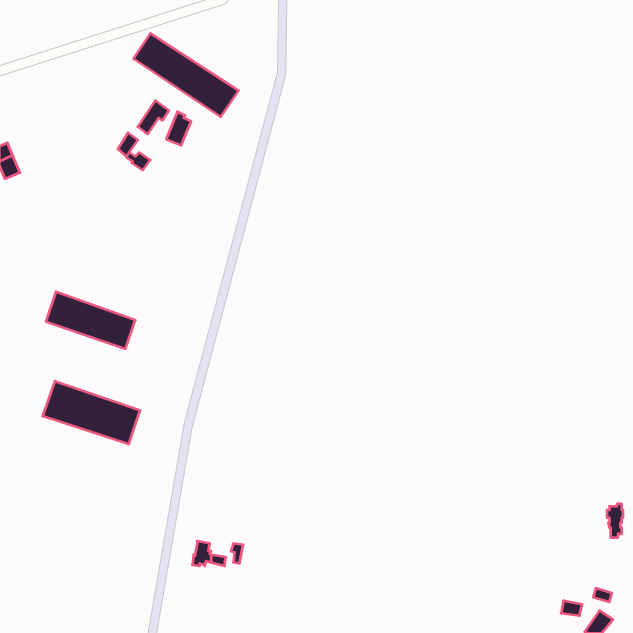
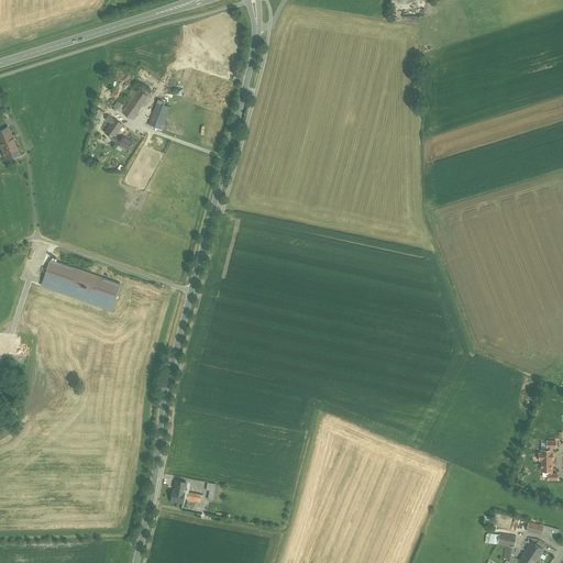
building: [134,33,239,117] -> none
building: [43,381,140,444] -> none

